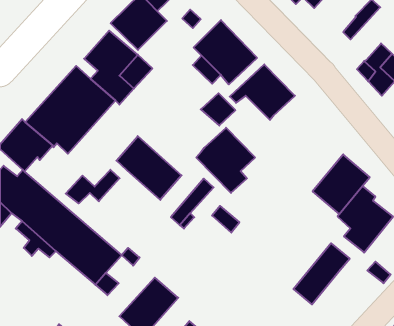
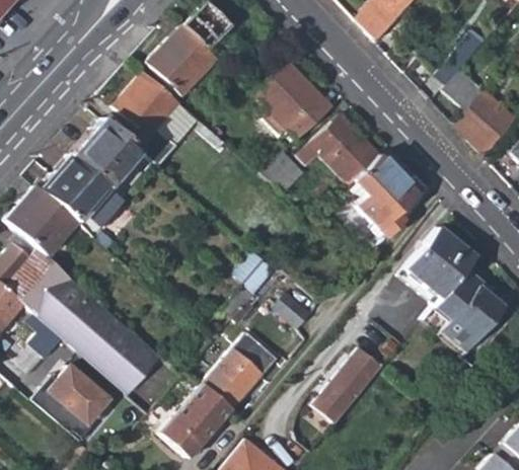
building: none -> [445,67,488,109]
building: [196,128,255,193] -> [342,154,416,236]
building: [116,136,182,200] -> none
building: [66,170,120,203] -> none
building: none -> [203,332,276,408]
building: [293,243,350,304] -> [313,346,384,423]
building: none -> [32,365,106,440]

